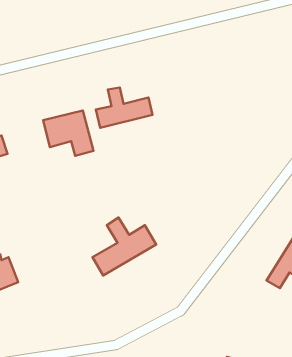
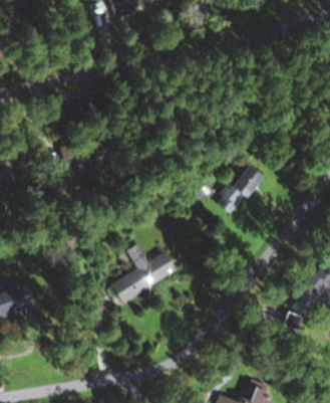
building: [96,87,153,128] -> none
building: none -> [215,164,263,213]

